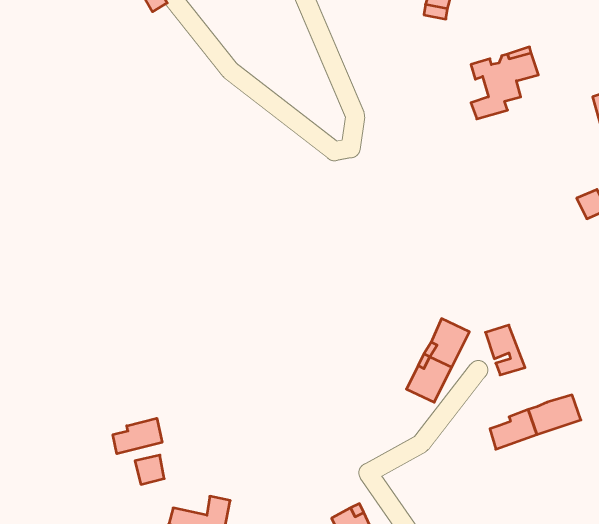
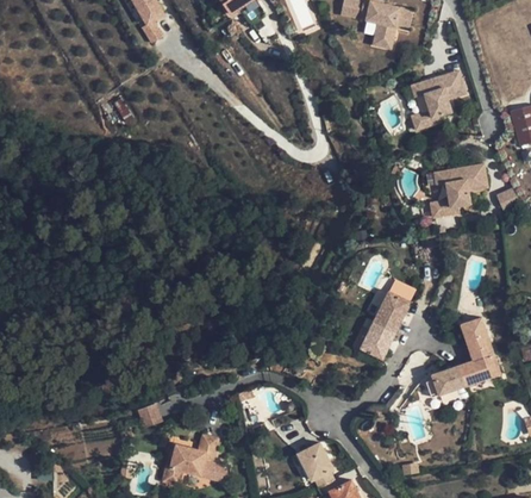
building: none -> [430,167,487,217]
building: [485,325,525,375] -> [461,318,493,359]
building: [113,418,162,454] -> none

